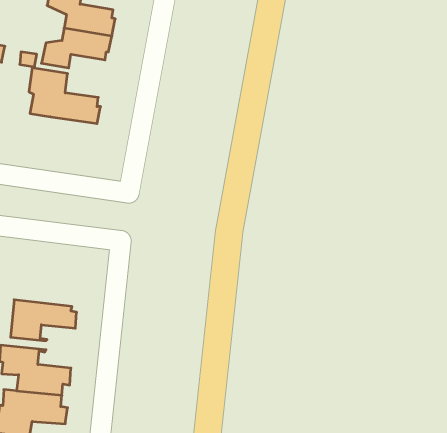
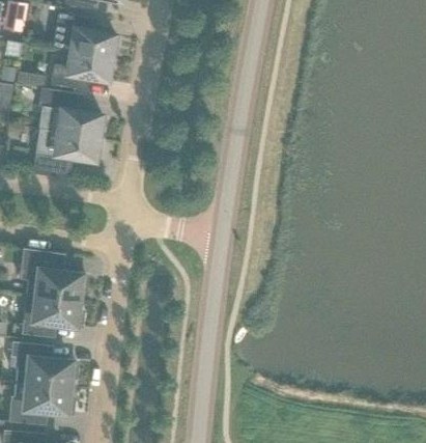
building: none -> [34,130,102,178]
building: none -> [21,249,88,306]

